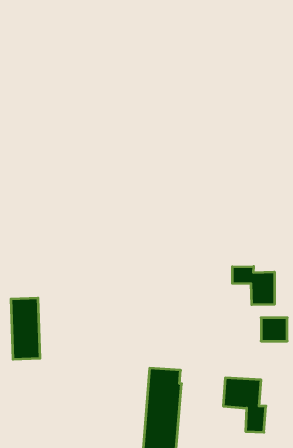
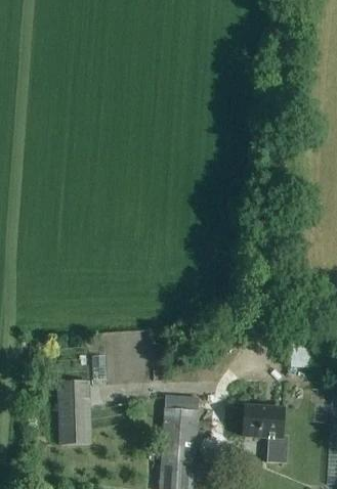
building: [232,266,274,305] -> none
building: [11,298,40,359] -> [58,381,89,445]

